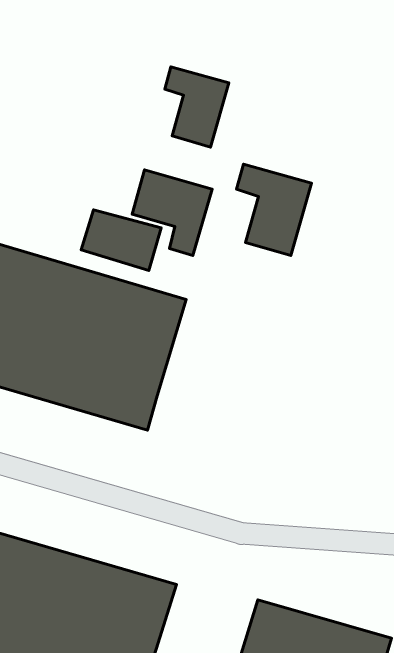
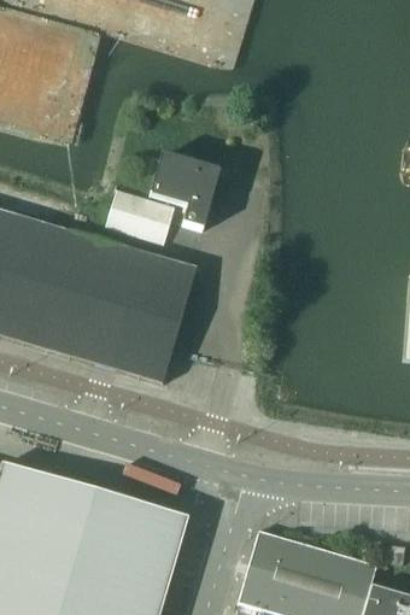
building: [165,67,229,147] -> none
building: [236,164,312,256] -> none

